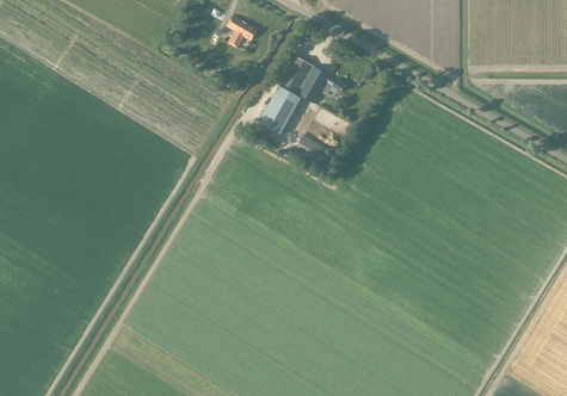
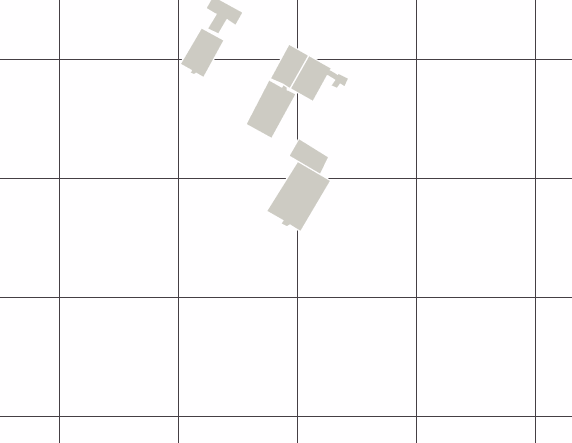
building: none -> [180,28,224,78]
building: none -> [266,161,331,232]

